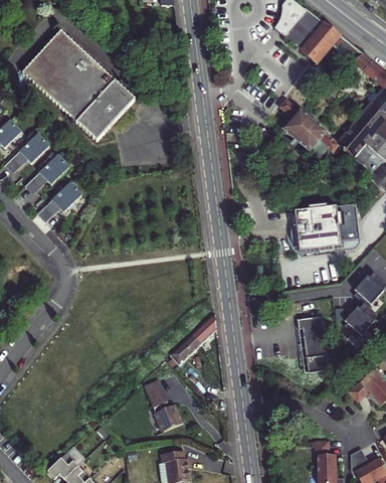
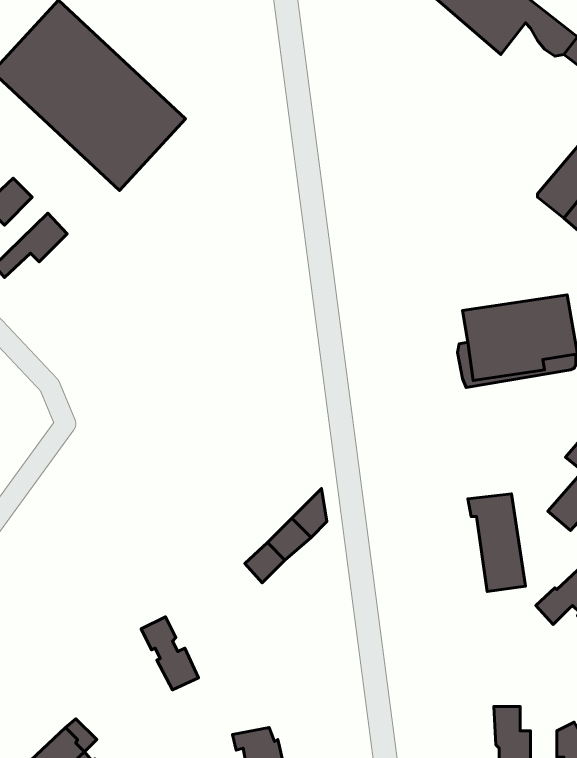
building: [278,99,339,159] -> none
building: [36,182,79,218] -> none
building: [146,389,179,432] -> [141,617,199,690]

